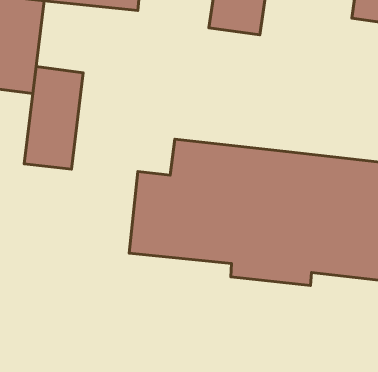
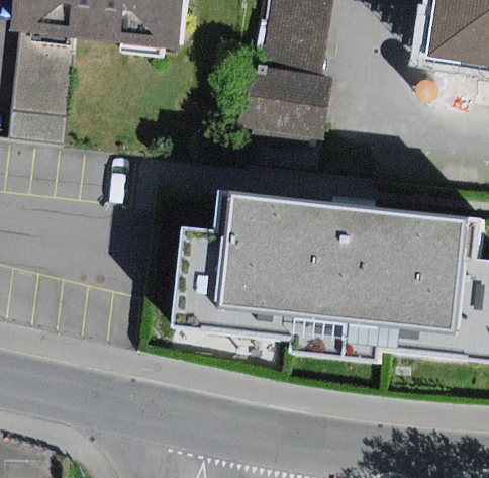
building: none -> [236,63,331,130]
building: [24,66,83,169] -> none

